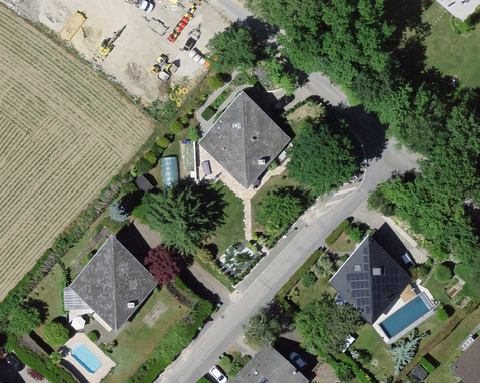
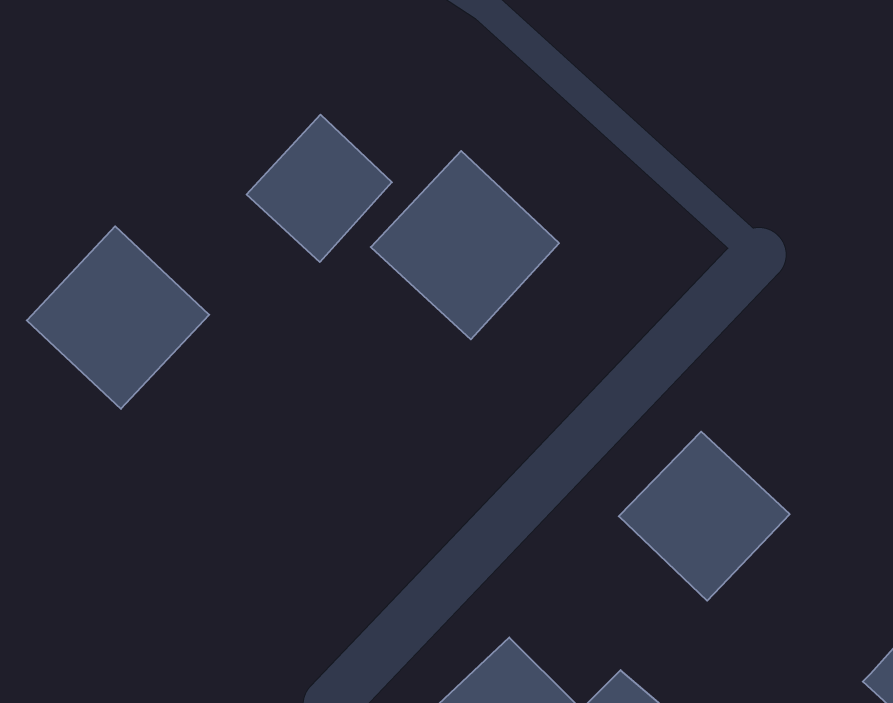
building: none -> [247,115,392,262]
building: [66,237,161,332] -> [27,226,209,409]

